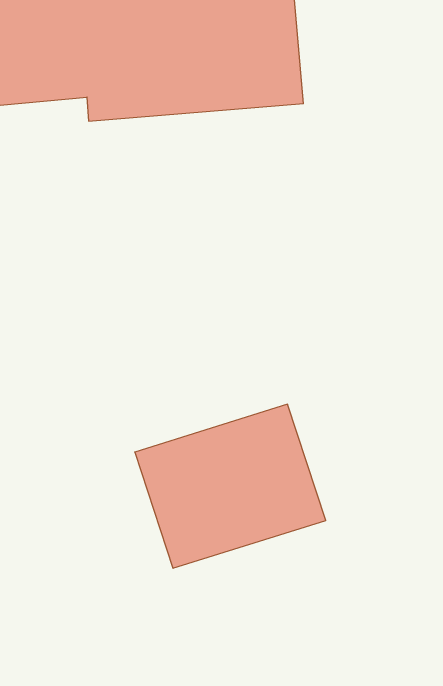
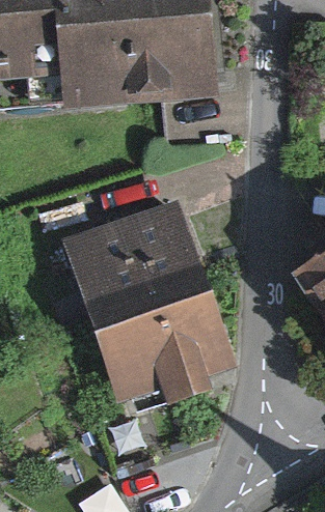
building: none -> [70,212,193,319]

